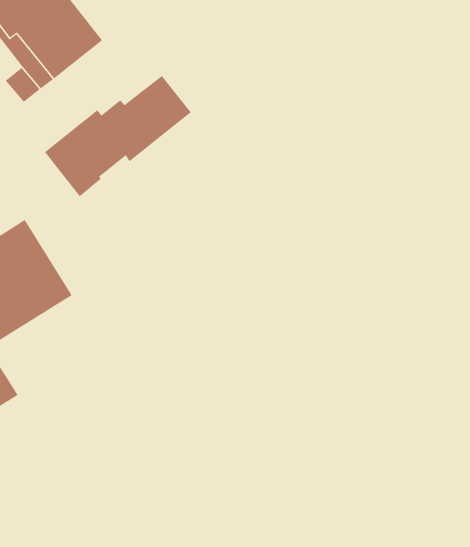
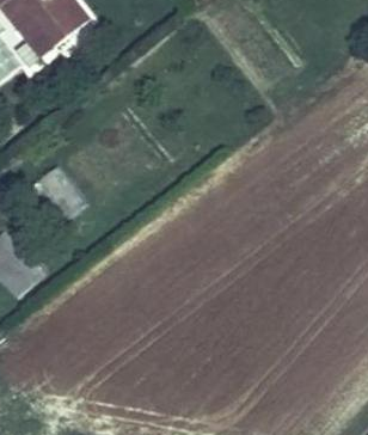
building: [44,75,191,197] -> none

